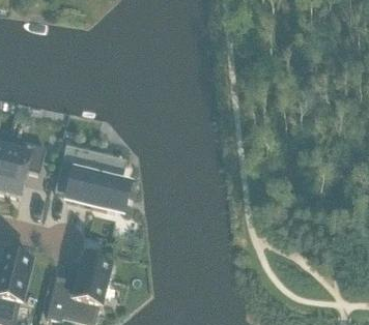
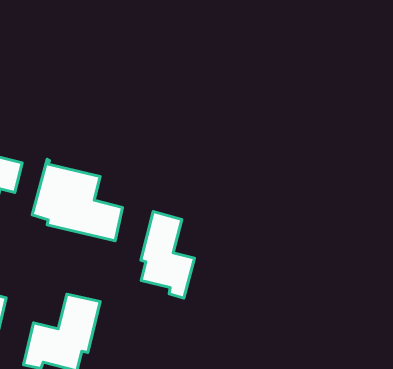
building: none -> [141,212,195,298]

